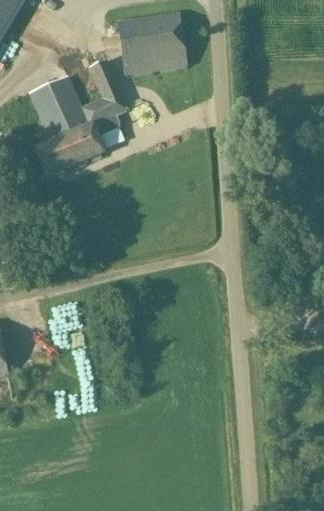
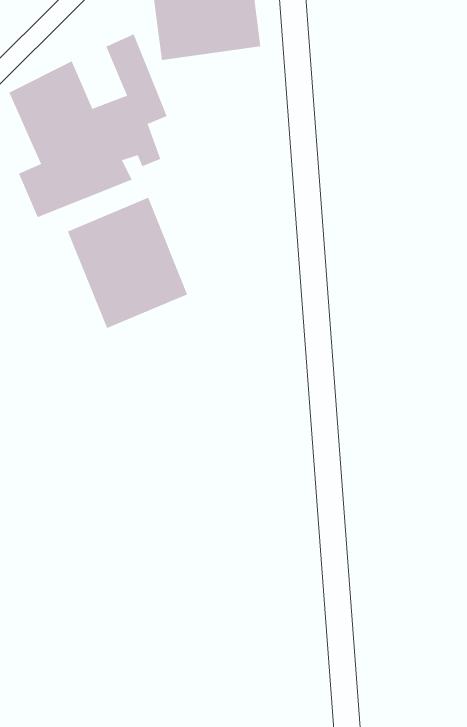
building: none -> [67,197,188,329]

